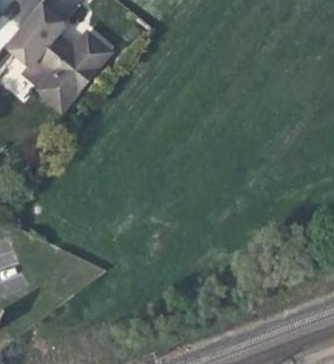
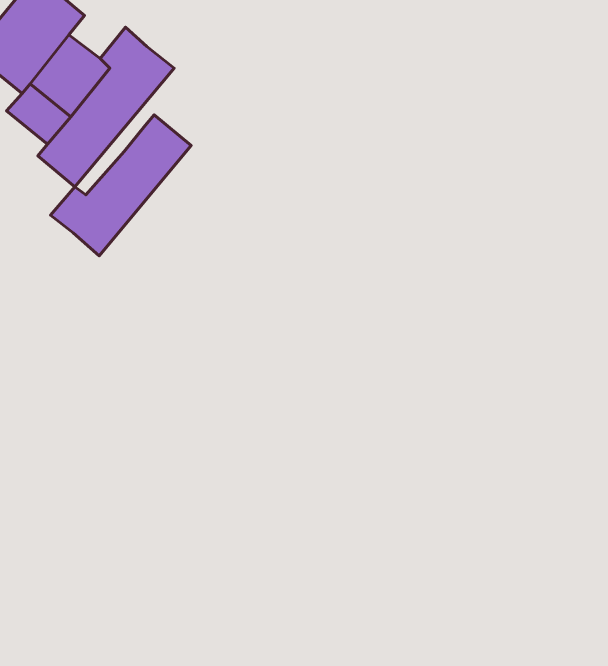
building: none -> [50,115,191,256]

